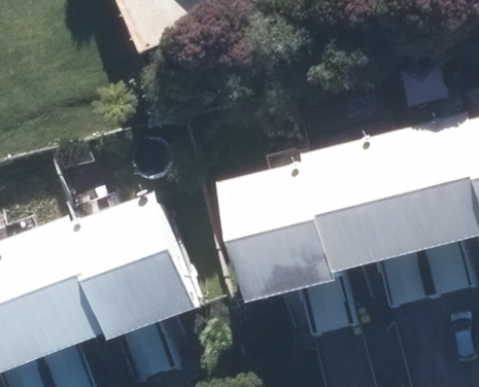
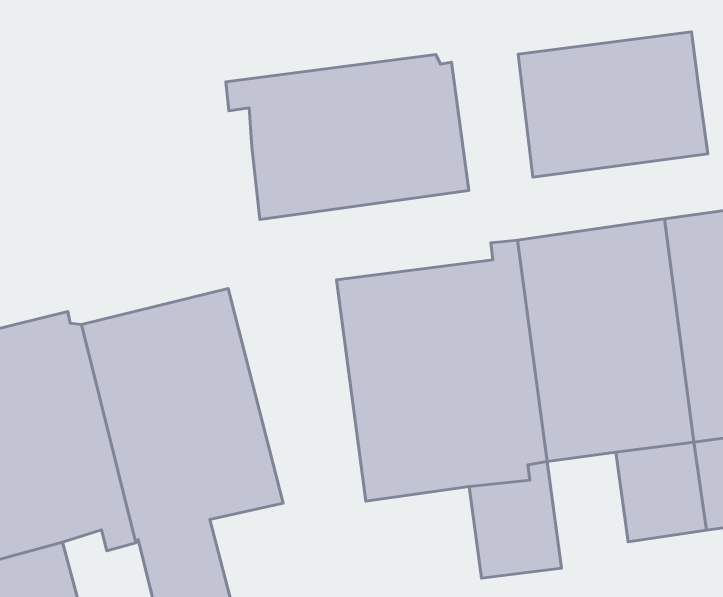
building: none -> [518,32,708,177]
building: none -> [226,55,469,219]

